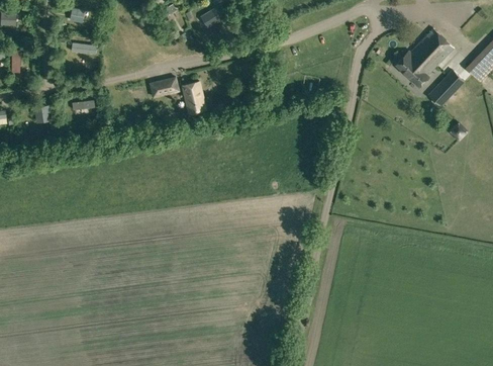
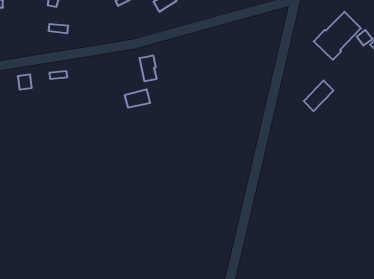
building: [428,70,465,107] -> [304,80,333,111]
building: [150,76,181,98] -> [125,89,150,108]

